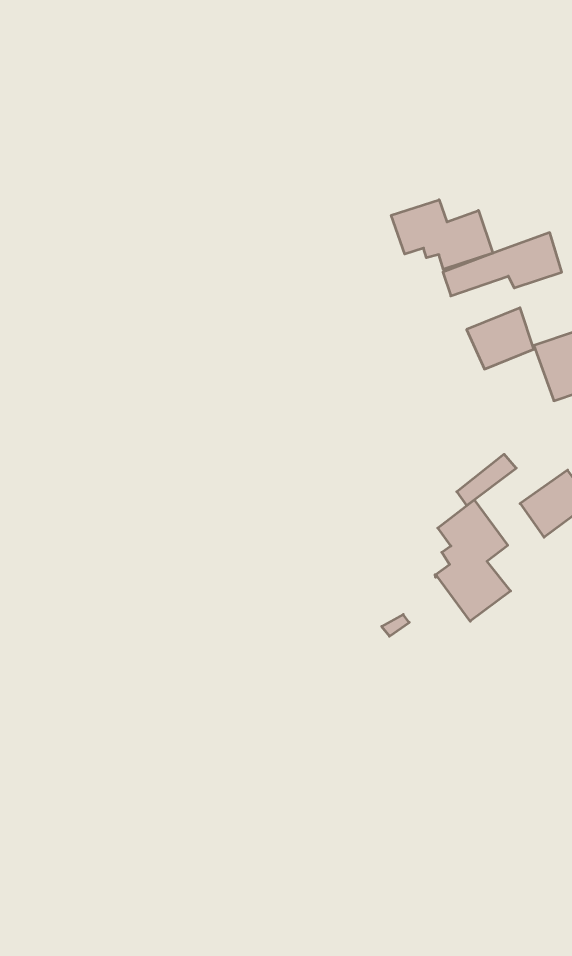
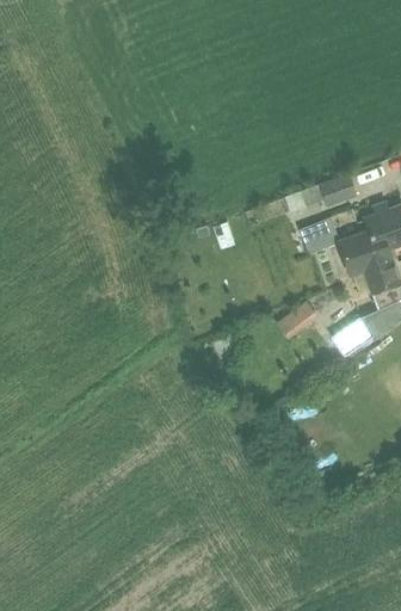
building: [391,200,493,270] -> none
building: [435,500,511,621] -> none

